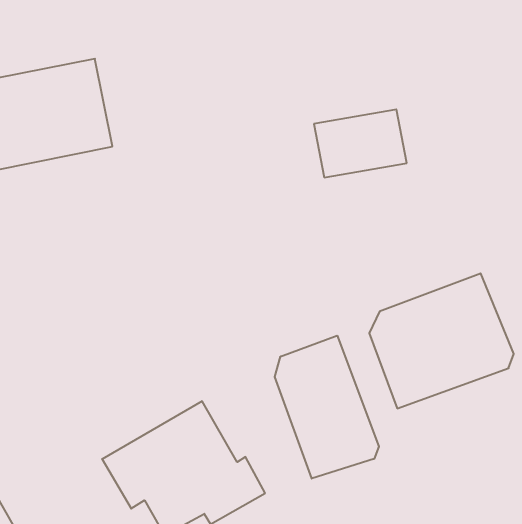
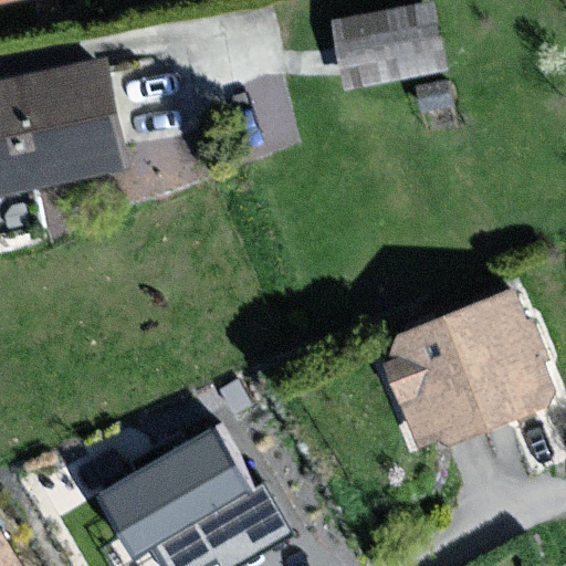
building: [314,109,407,177] -> [340,9,440,82]
building: [275,336,379,479] -> none

